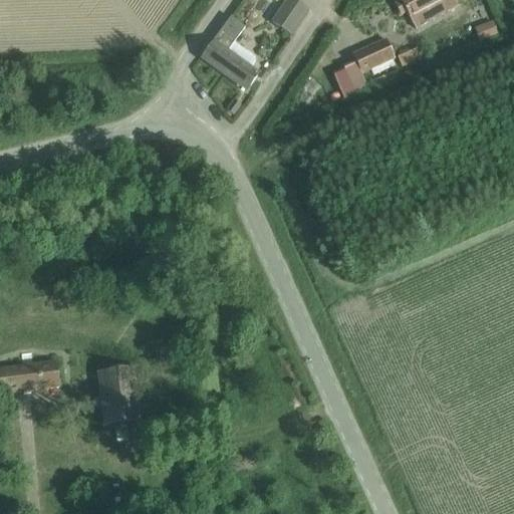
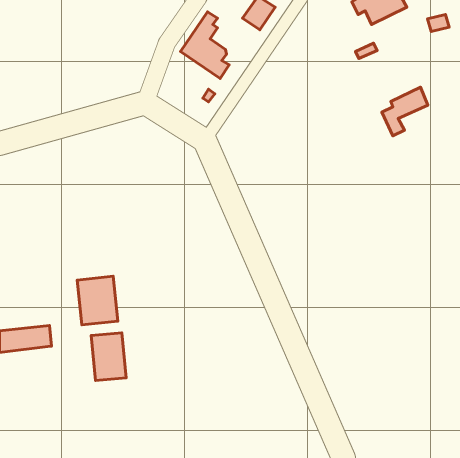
building: [341,38,393,92] -> [382,87,428,136]
building: none -> [77,276,118,325]

